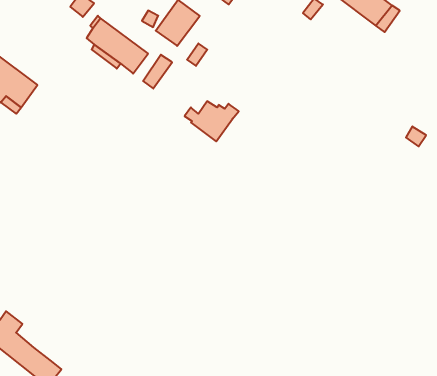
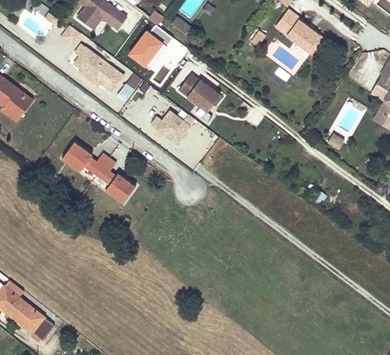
building: none -> [179,70,220,109]
building: none -> [59,139,139,208]

